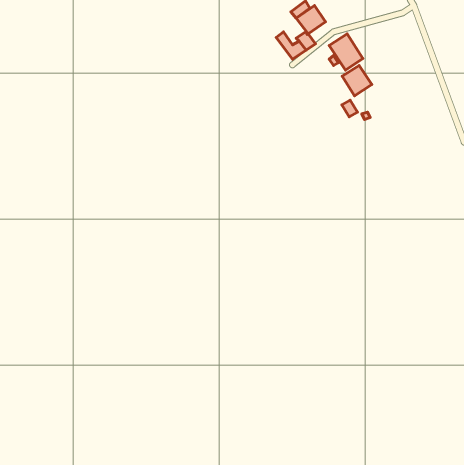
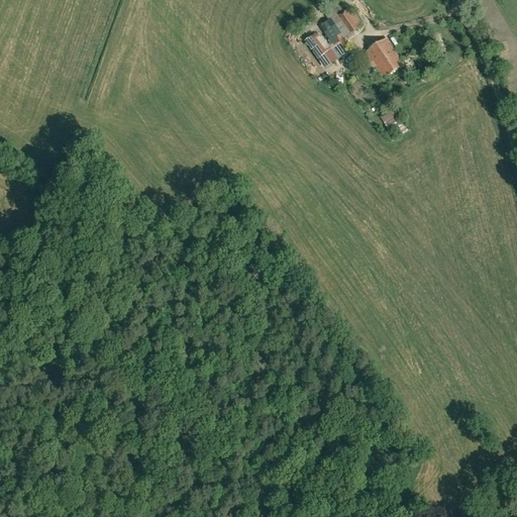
building: [342,66,372,96] -> none

